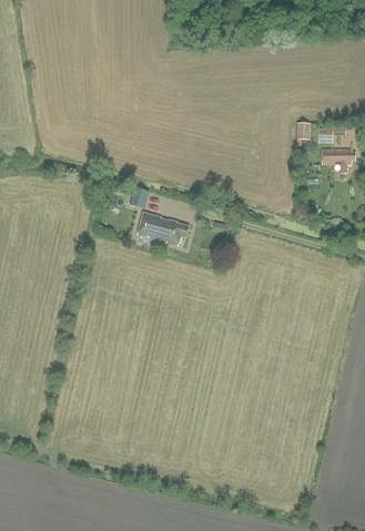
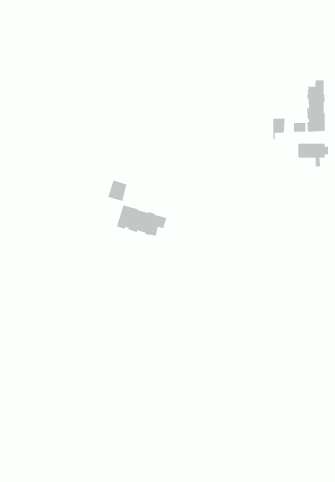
building: none -> [307,79,325,132]

